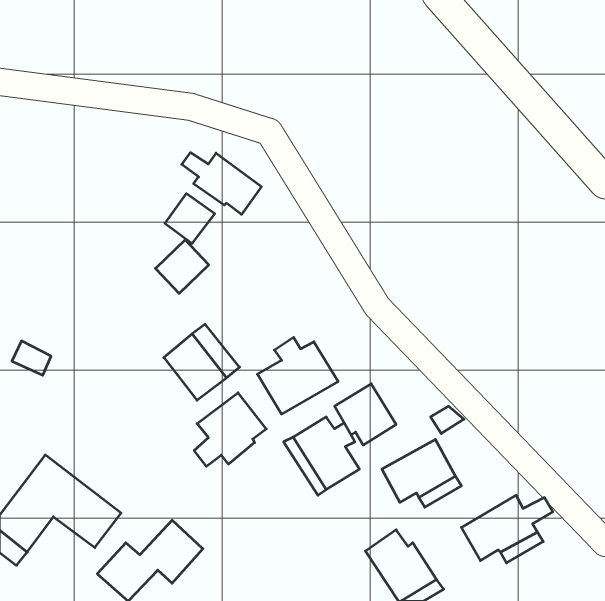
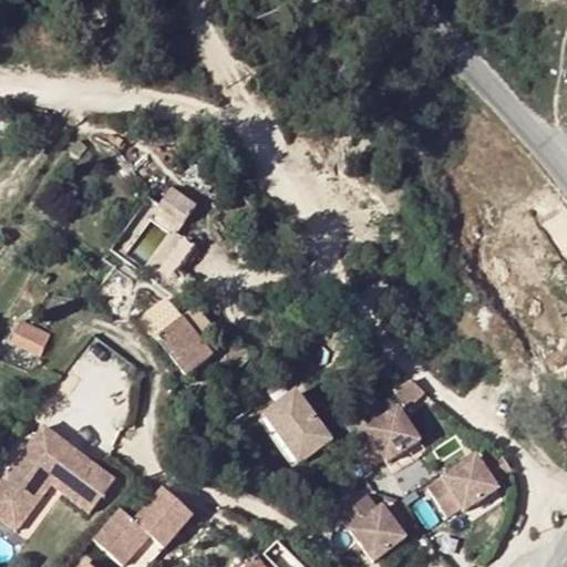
building: [182,153,261,214] -> none
building: [257,337,338,414] -> none
building: [335,384,396,445] -> none
building: [194,393,266,466] -> none

